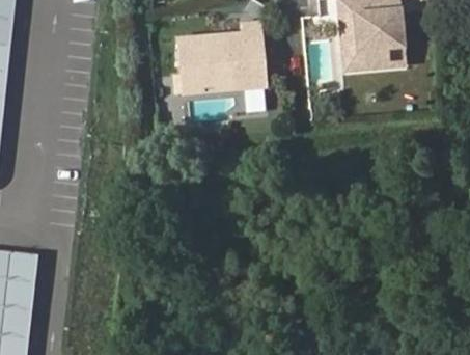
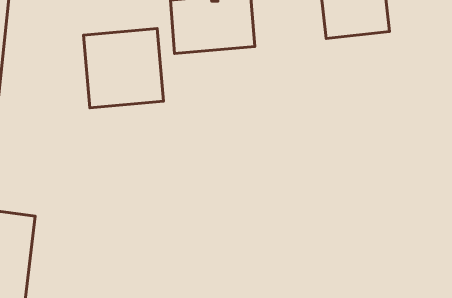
building: none -> [83,29,164,108]

